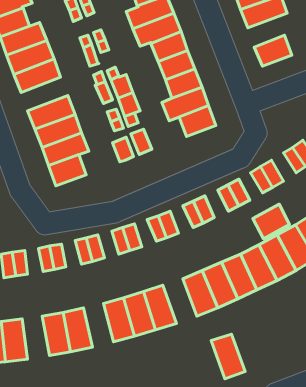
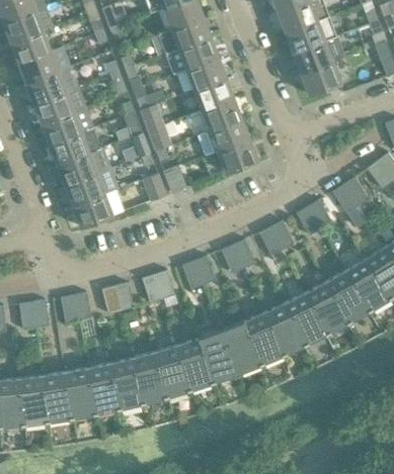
building: none -> [293,37,337,75]
building: none -> [42,108,93,146]
building: [253,204,290,239] -> none
building: none -> [110,359,144,407]
building: none -> [43,373,73,420]
building: [211,334,245,379] -> [199,331,236,381]

